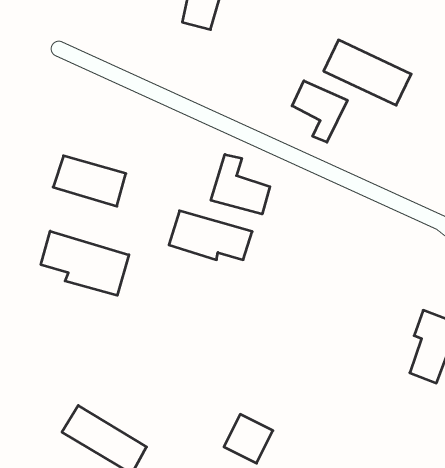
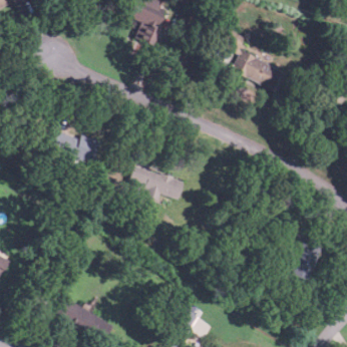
building: [292,81,347,142] -> none
building: [211,154,270,214] -> none
building: [41,231,129,295] -> none

